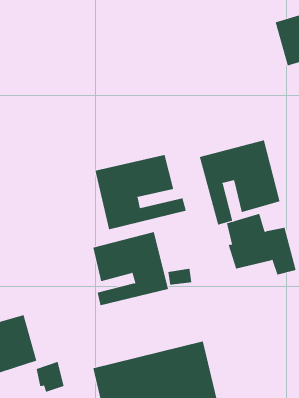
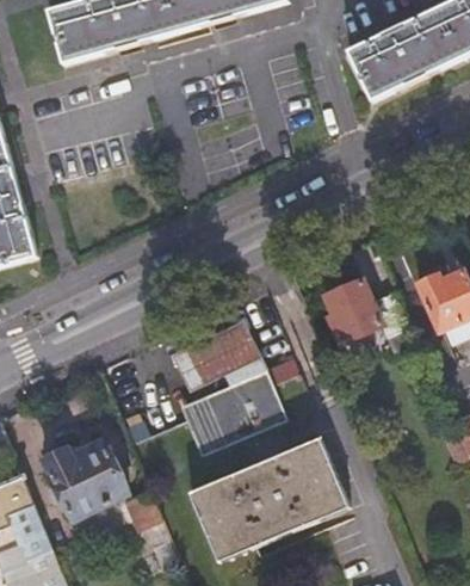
building: [199,140,280,226] -> none
building: [95,154,186,230] -> none
building: none -> [190,385,284,454]

